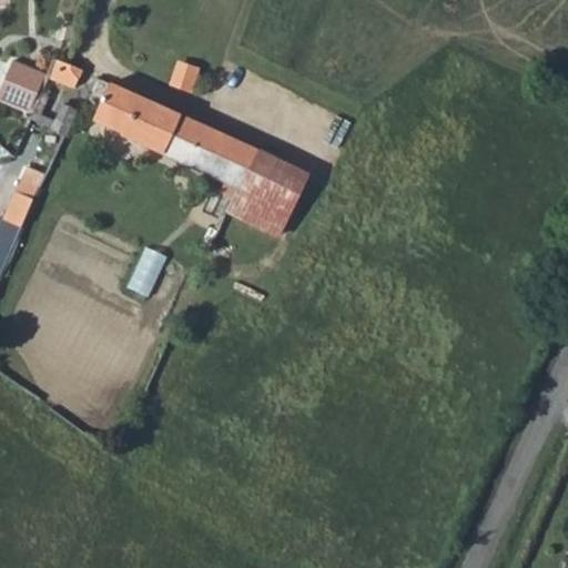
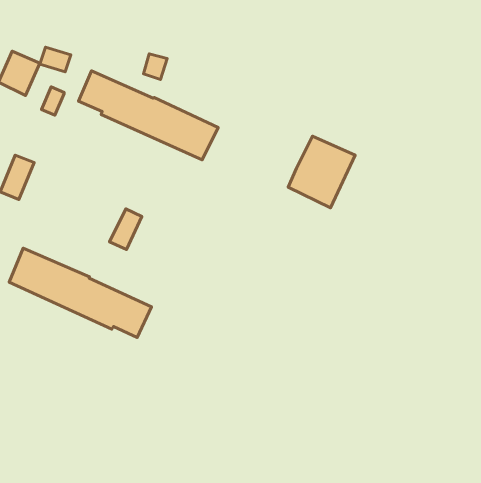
building: [227,150,306,234] -> [288,136,355,208]
building: none -> [9,248,152,338]

